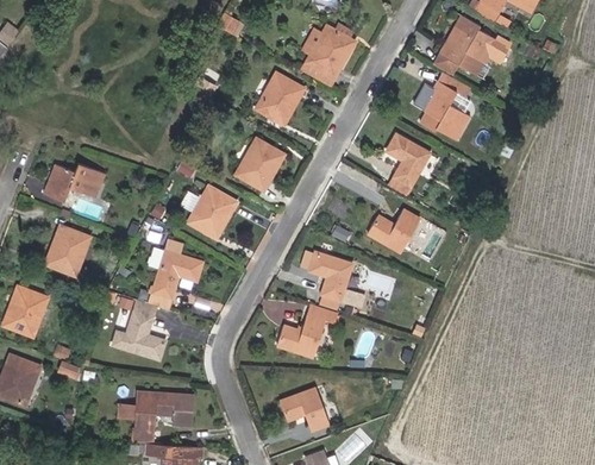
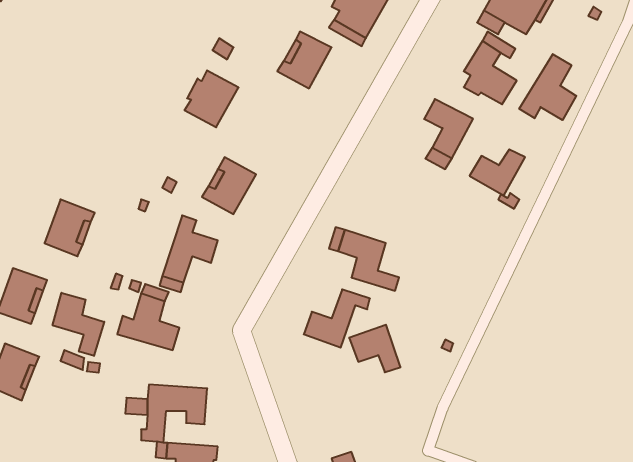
building: none -> [519,54,576,120]
building: [236,138,284,189] -> [184,70,239,127]
building: [44,163,104,200] -> none
building: [369,209,419,251] -> [470,149,525,196]
building: none -> [53,293,104,356]
building: [281,387,327,429] -> [349,325,401,372]

